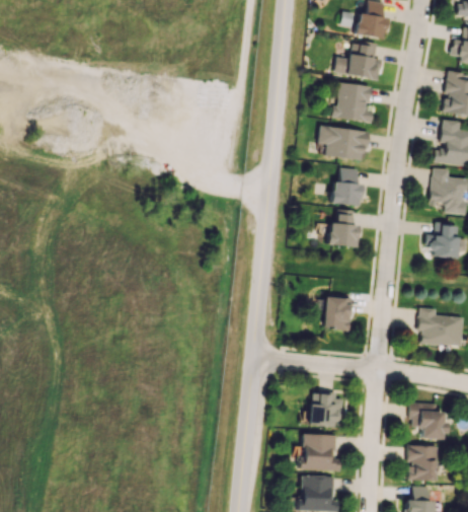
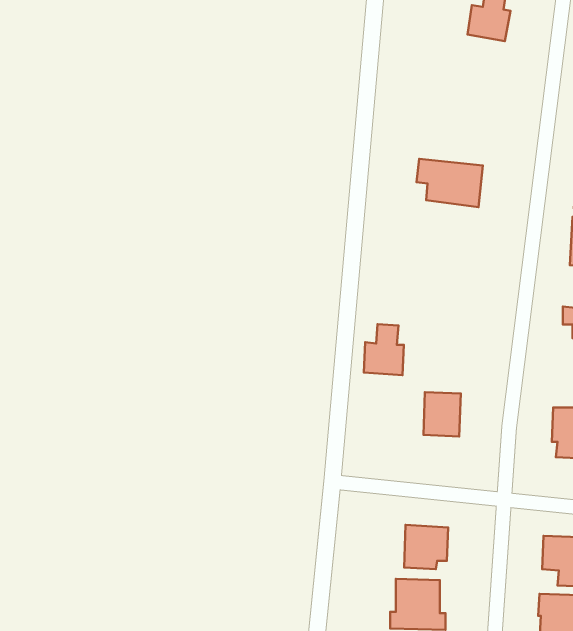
building: [334,42,381,80] -> none
building: [331,82,373,123] -> none
building: [331,168,361,206] -> none
building: [327,210,357,247] -> [364,324,404,375]

